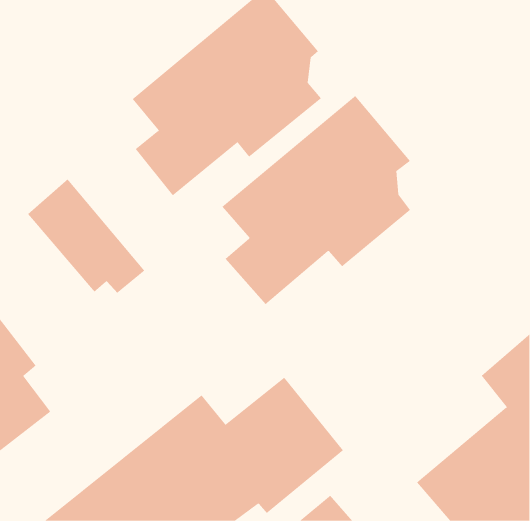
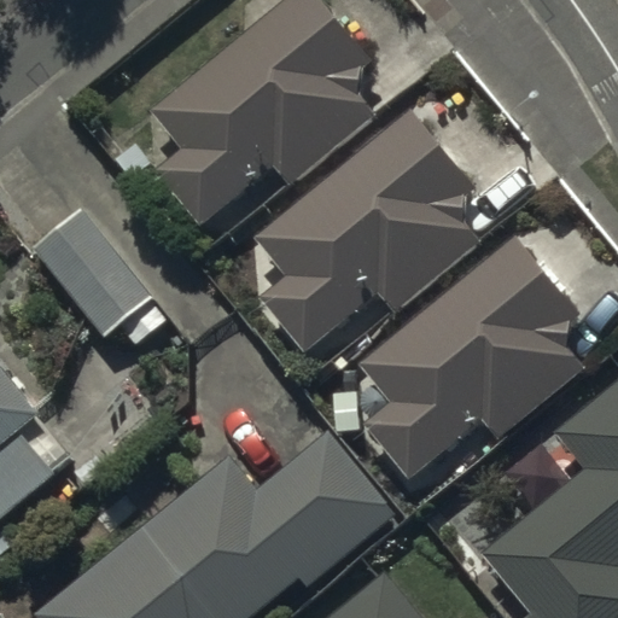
building: none -> [361,240,579,480]

